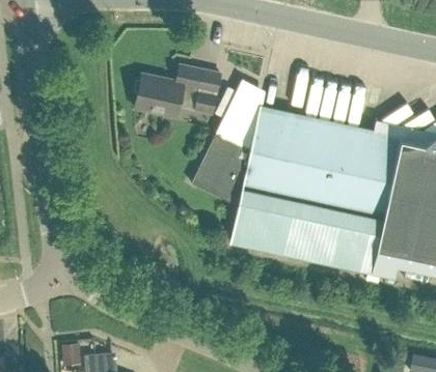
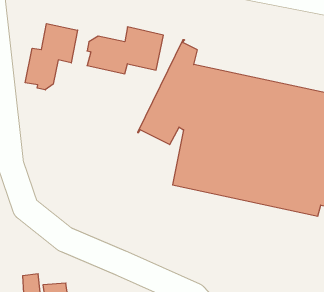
building: none -> [25,24,78,90]

